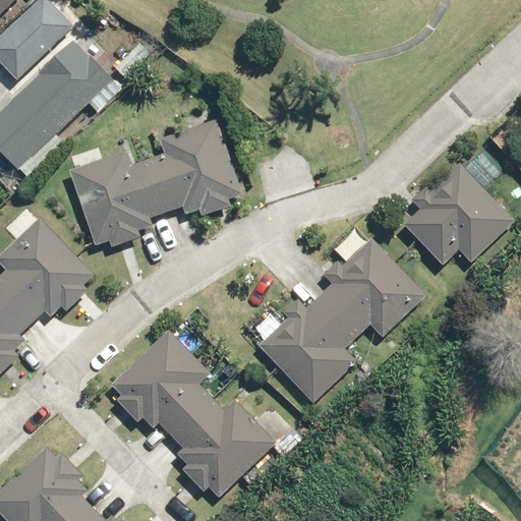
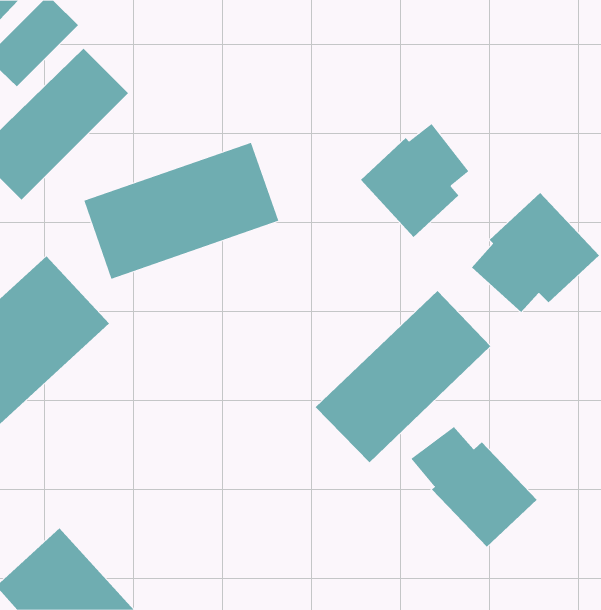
building: none -> [360,123,469,238]
building: [111,335,268,489] -> none
building: none -> [410,426,538,548]

